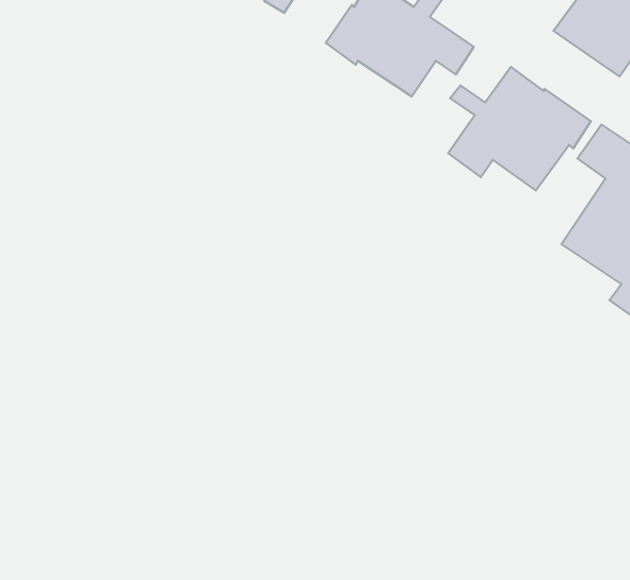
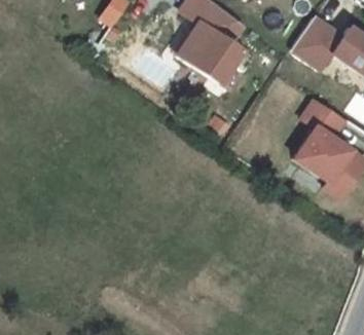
building: [448,67,591,191] -> none

